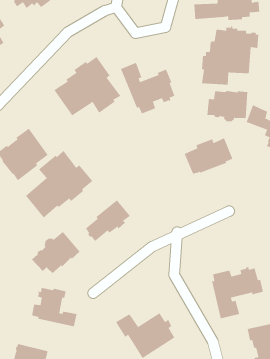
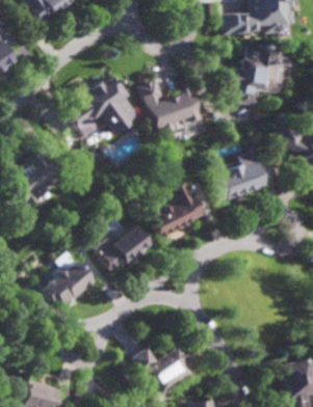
building: [207,90,248,122] -> none
building: [25,150,93,218] -> none
building: none -> [152,180,206,240]
building: [211,266,263,319] -> none
building: [32,287,77,327] -> none

